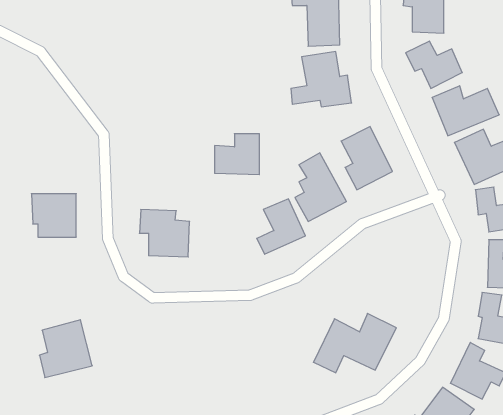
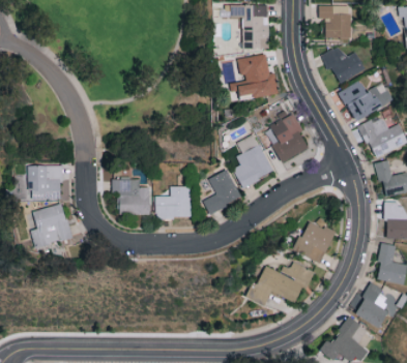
building: [215,134,259,175] -> [154,186,190,218]
building: none -> [294,218,336,263]
building: [39,320,92,378] -> [30,203,71,248]

